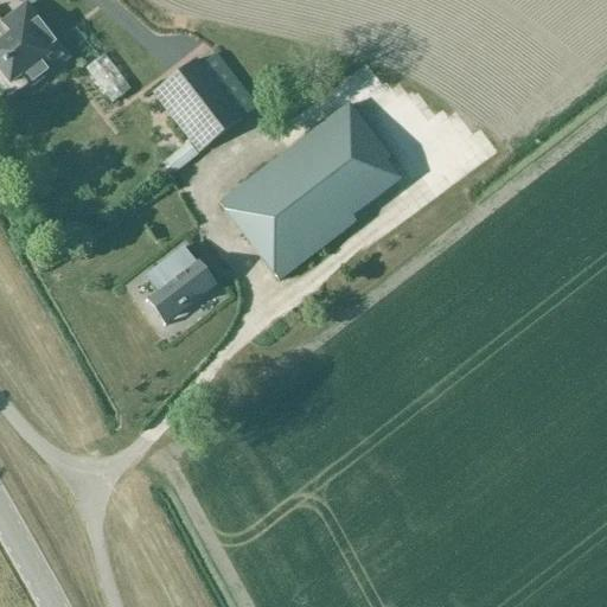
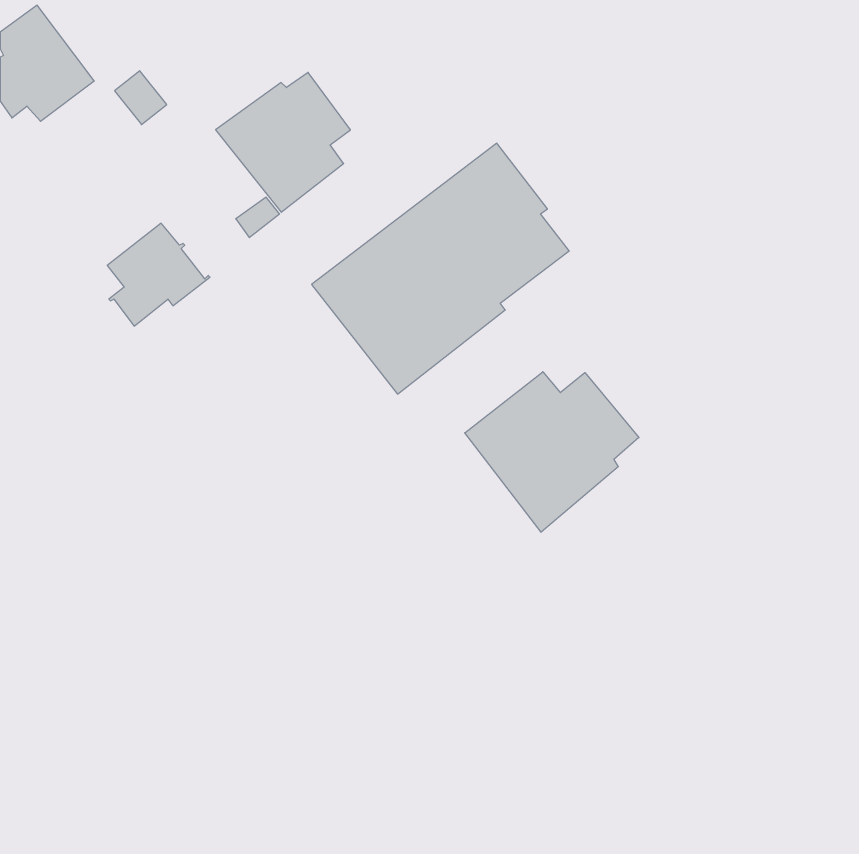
building: [146,244,218,317] -> [107,223,210,326]
building: none -> [465,372,639,532]

